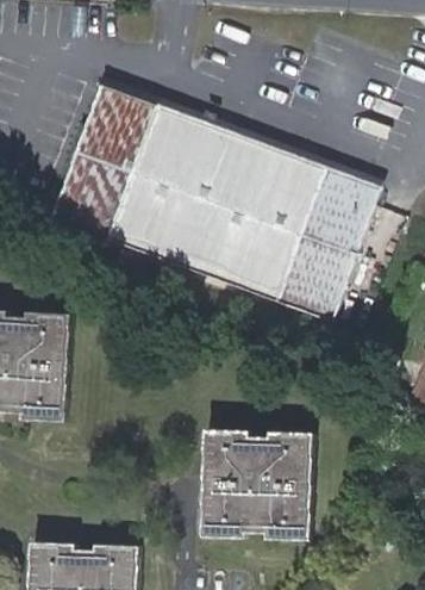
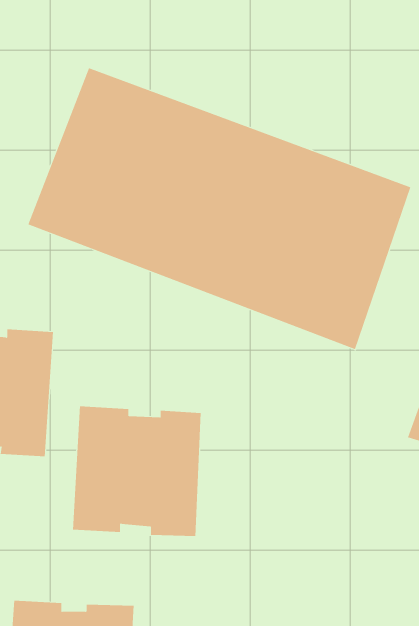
building: [202,423,313,535] -> [72,406,202,537]

